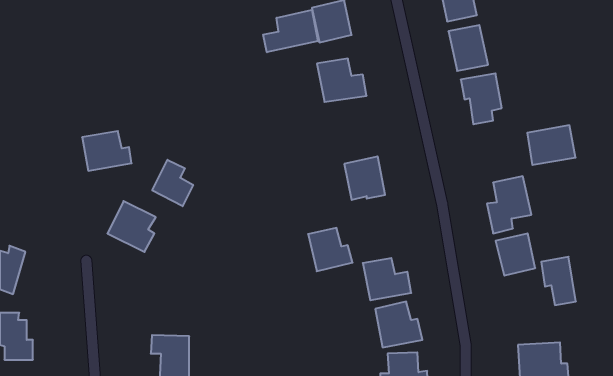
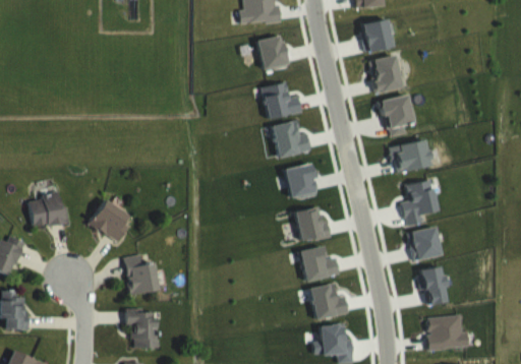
building: [263,10,318,52] -> none
building: none -> [273,120,310,158]
building: [527,125,576,165] -> [391,139,430,172]
building: [82,131,132,171] -> [28,194,69,227]
building: [152,160,193,206] -> none
building: [308,228,353,271] -> [294,206,331,242]
building: [541,257,576,305] -> [418,265,447,305]
building: none -> [124,254,158,294]

